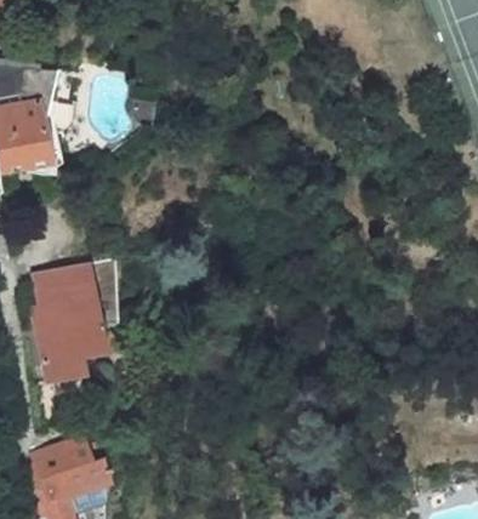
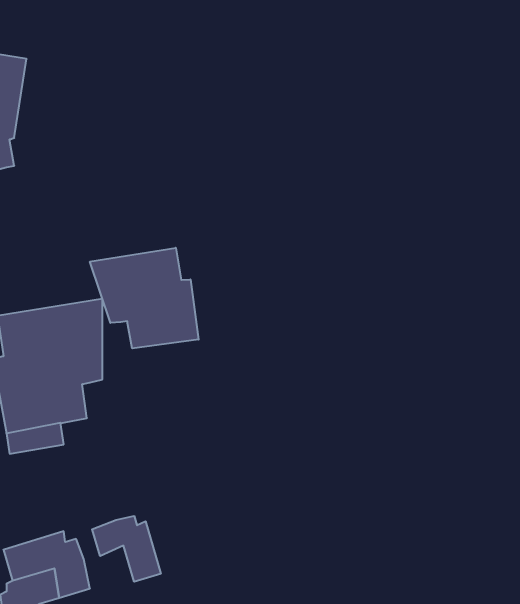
building: none -> [90,248,199,348]
building: none -> [92,516,161,582]

